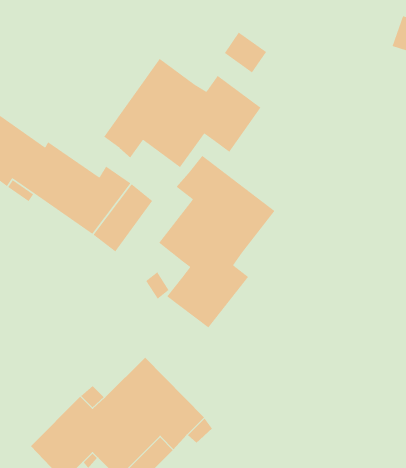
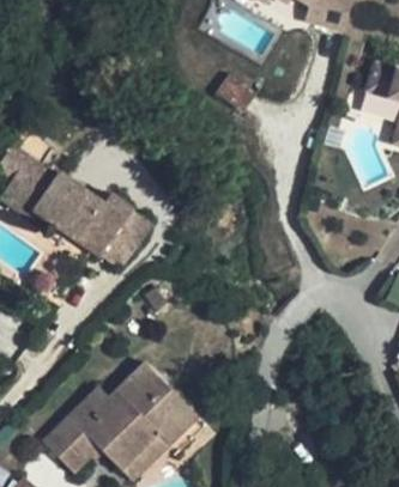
building: [103,58,262,168] -> none
building: [158,155,276,328] -> none

